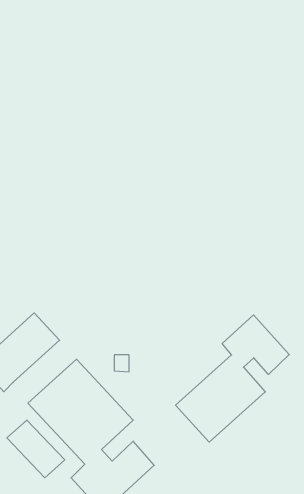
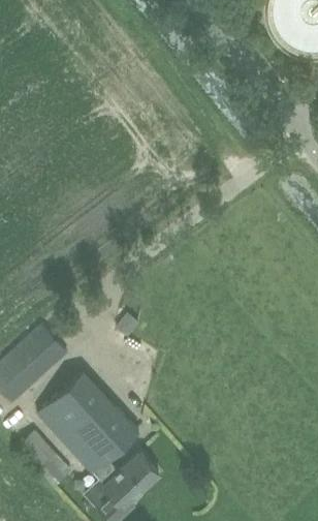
building: [176,315,289,442] -> none

